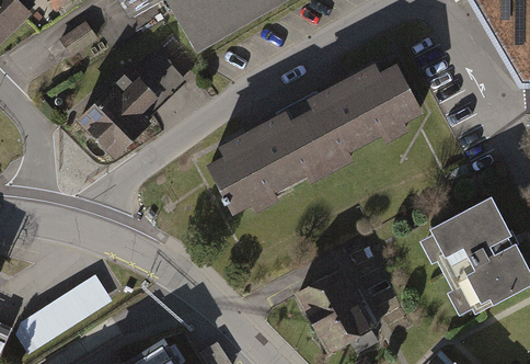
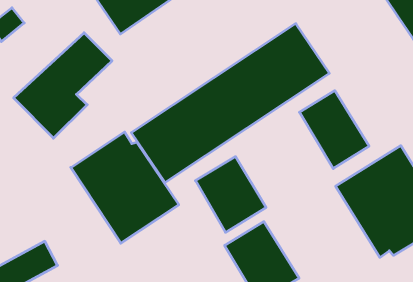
building: none -> [299,91,369,169]
building: none -> [71,132,179,243]
building: none -> [195,157,266,232]

